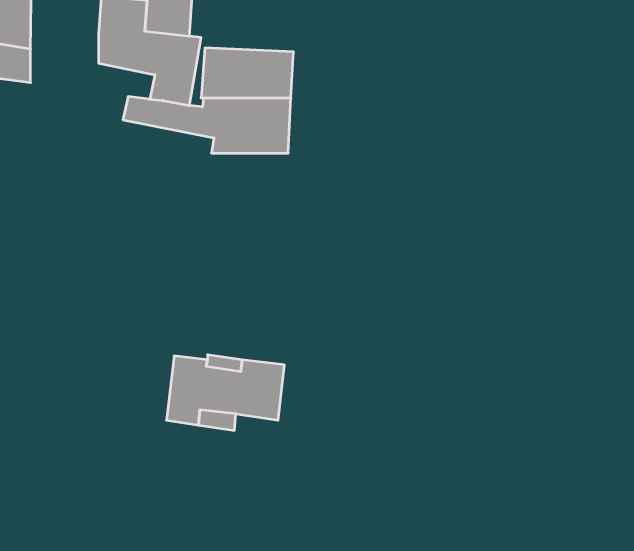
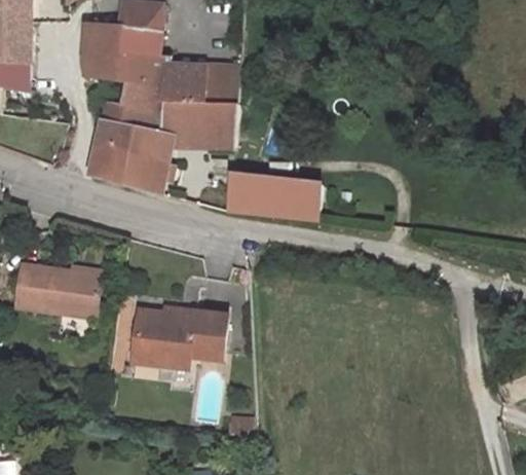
building: none -> [86,119,173,192]
building: none -> [226,173,321,219]
building: none -> [15,265,101,318]

